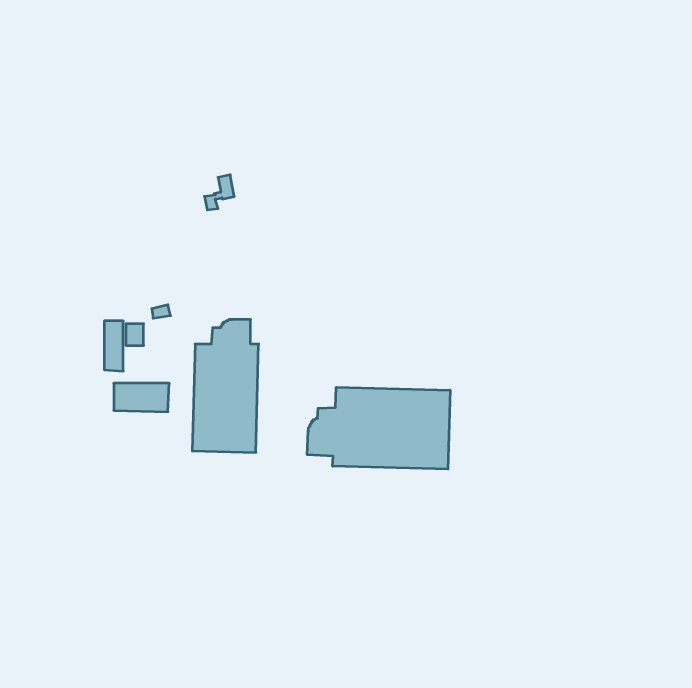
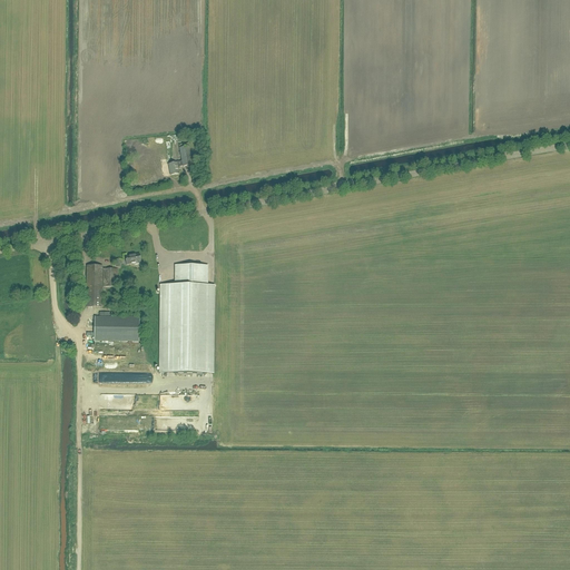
building: [307,387,450,469] -> none

